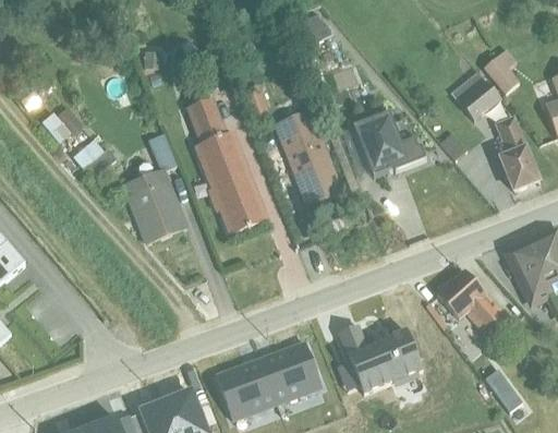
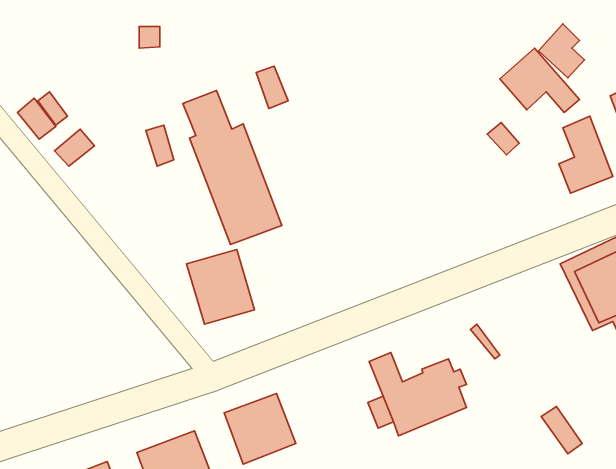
building: [357,110,436,176] -> none
building: [280,117,342,201] -> none
building: [124,172,182,236] -> [187,250,255,324]
building: [437,270,508,337] -> none
building: [260,344,322,404] -> none

